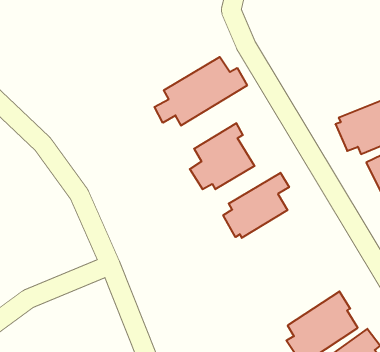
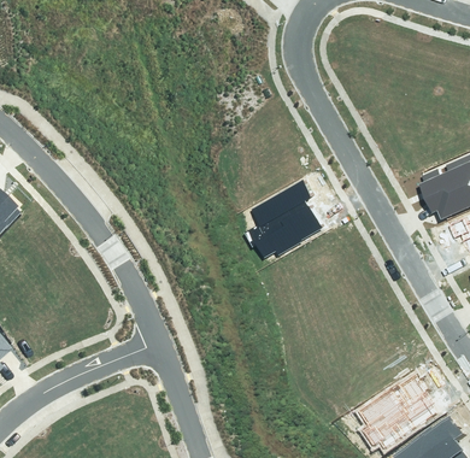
building: [154,57,247,126] -> none
building: [223,173,289,238] -> none

